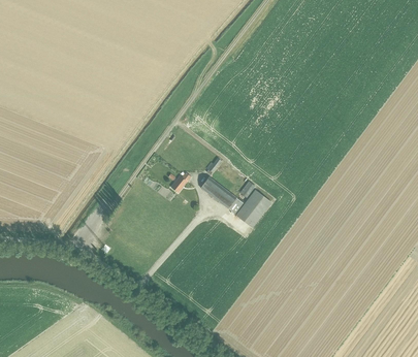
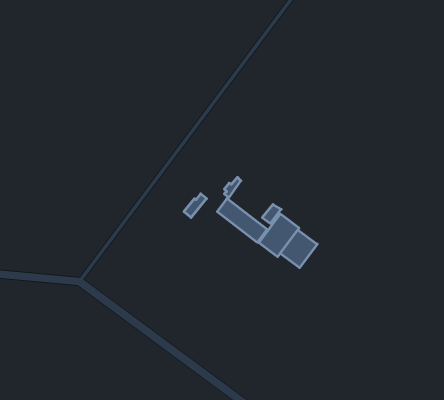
building: none -> [280,230,317,268]

